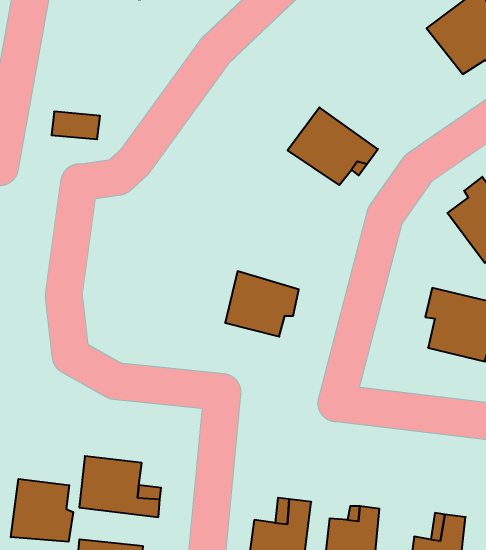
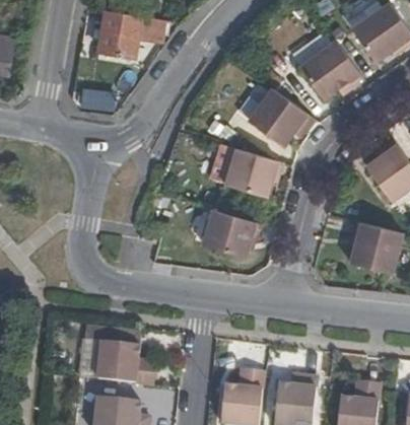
building: none -> [98,14,165,61]
building: none -> [299,40,363,99]
building: none -> [224,144,280,193]
building: [11,479,73,542] -> none

